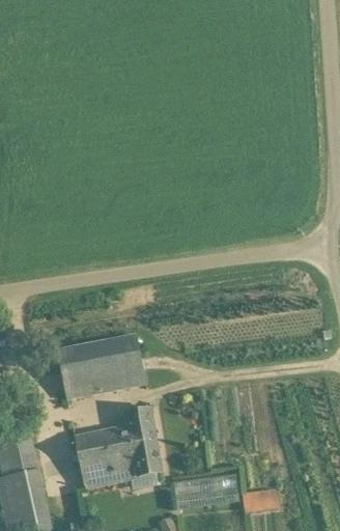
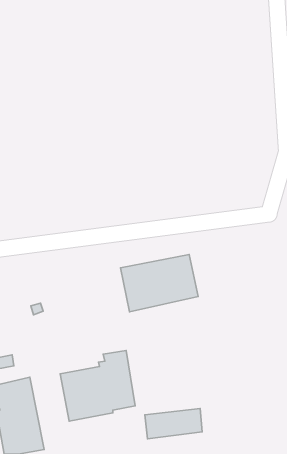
building: [55,335,145,401] -> [121,255,198,312]
building: [243,490,276,511] -> none

